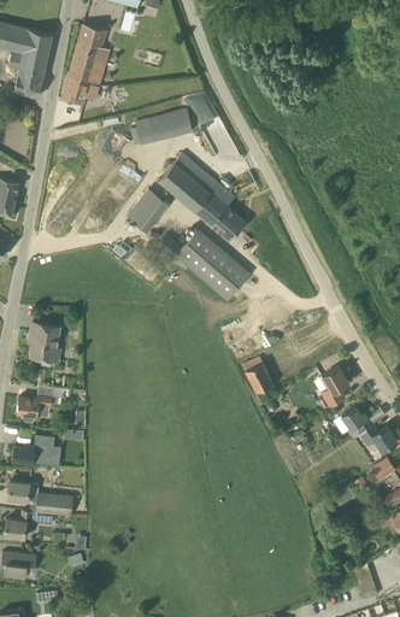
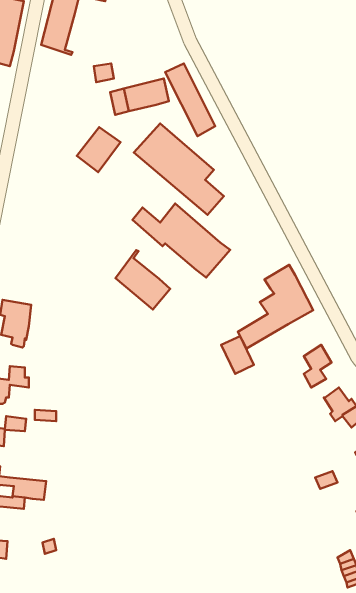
building: [63,76,98,105] -> none
building: [125,188,167,231] -> [77,127,121,172]
building: none -> [115,250,170,310]
building: none -> [238,265,313,348]

